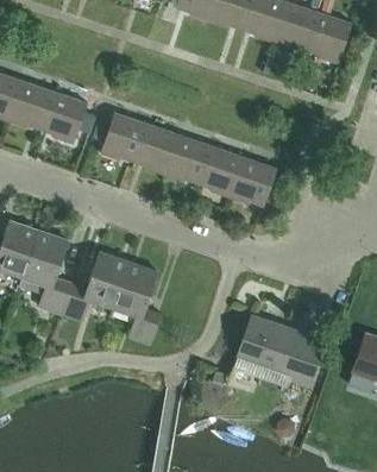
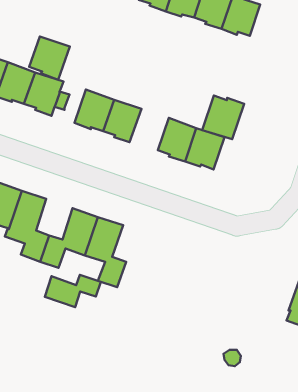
building: [307,12,352,63] -> none
building: none -> [29,36,70,80]
building: none -> [202,96,244,139]
building: [165,134,212,183] -> none
building: [238,314,326,386] -> none
building: none -> [45,275,101,307]

